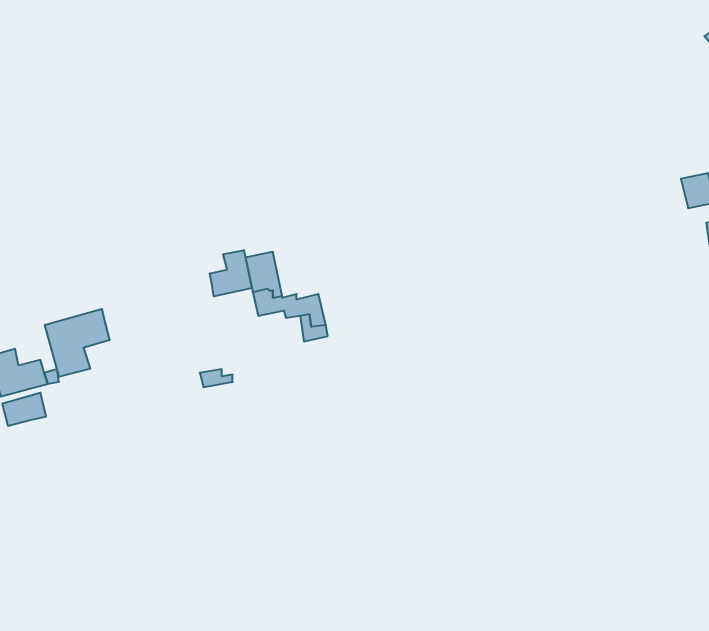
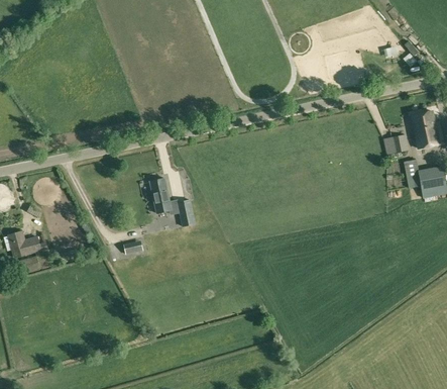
building: [210,250,252,296] -> none
building: [45,309,110,377] -> none

